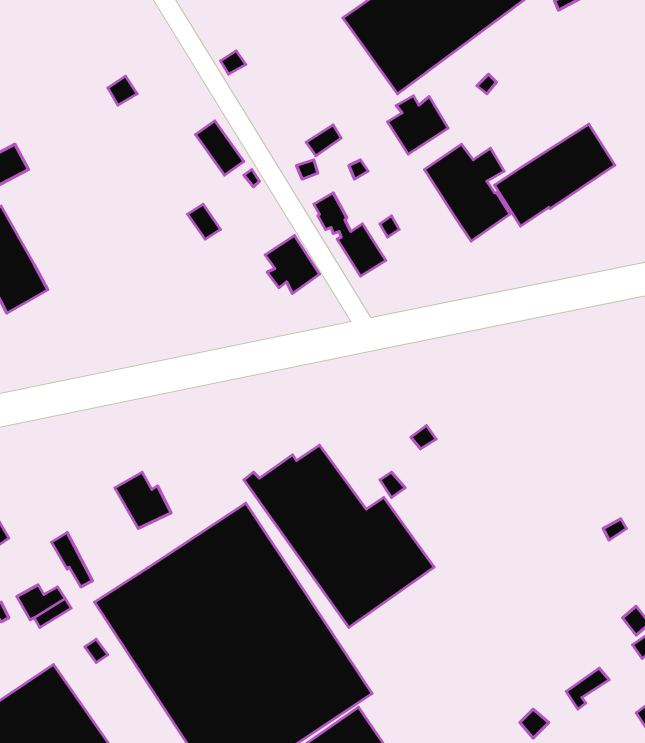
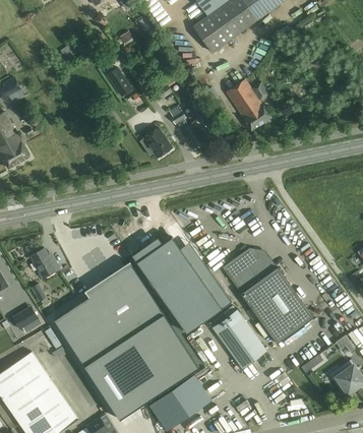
building: [387,96,448,154] -> none
building: [494,124,615,226] -> none
building: none -> [224,249,313,344]
building: [115,472,171,528] -> [29,248,59,277]
building: none -> [211,309,266,368]

